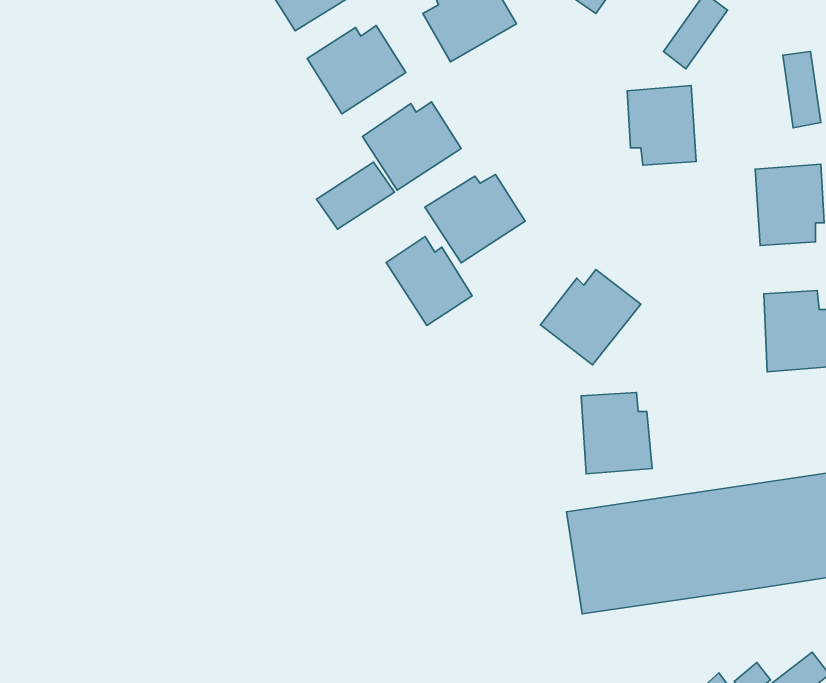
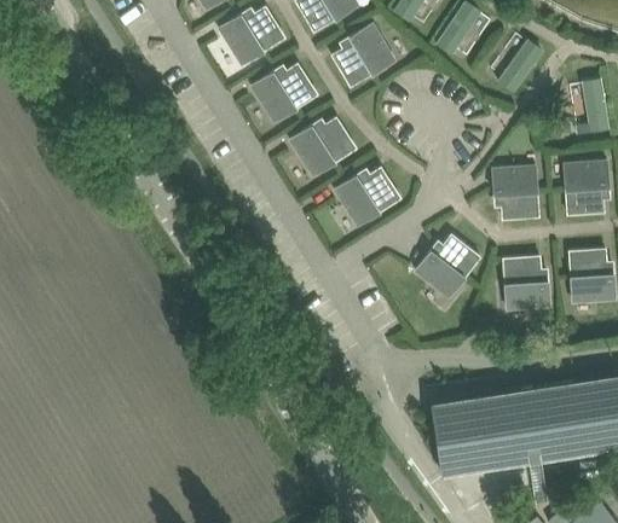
building: [627,86,696,165] -> [491,164,539,220]
building: [317,162,395,229] -> none
building: [386,237,472,326] -> none
building: [581,392,652,474] -> [502,255,551,312]

